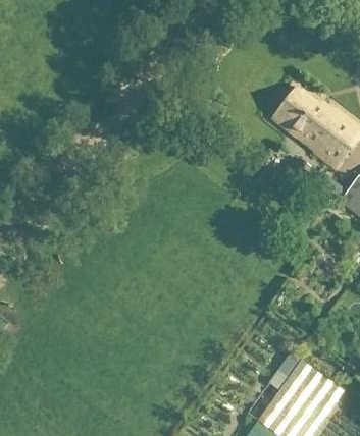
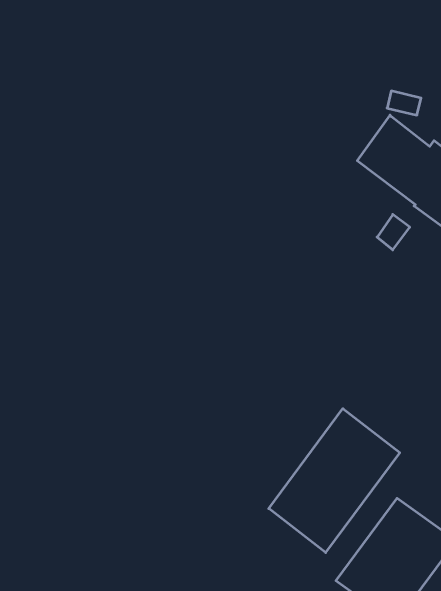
building: none -> [269,409,400,553]

